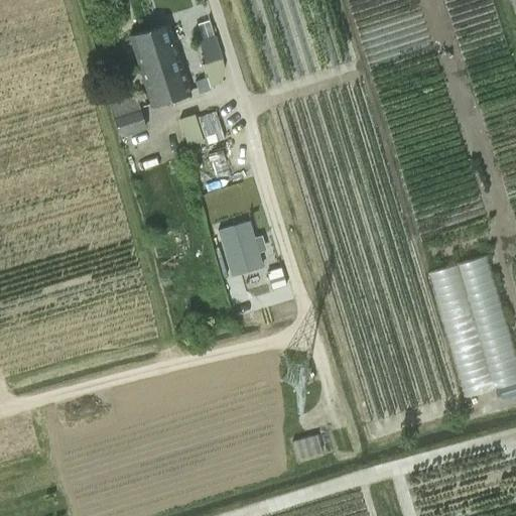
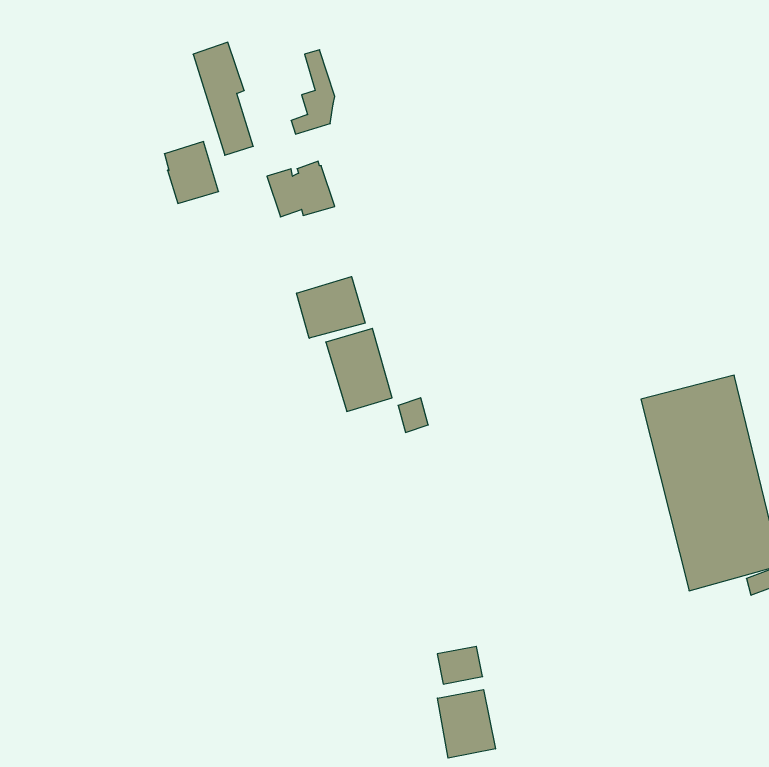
building: [153,25,190,100] -> none
building: none -> [297,277,365,338]
building: none -> [437,690,495,758]

